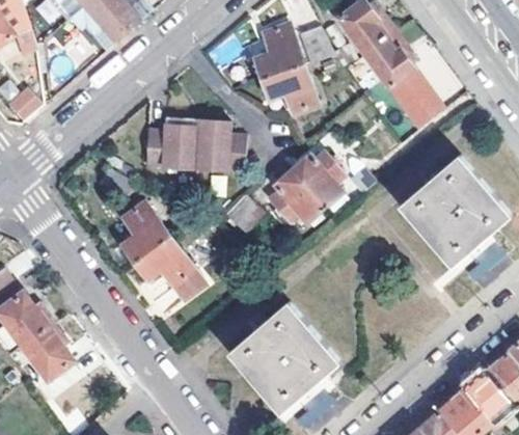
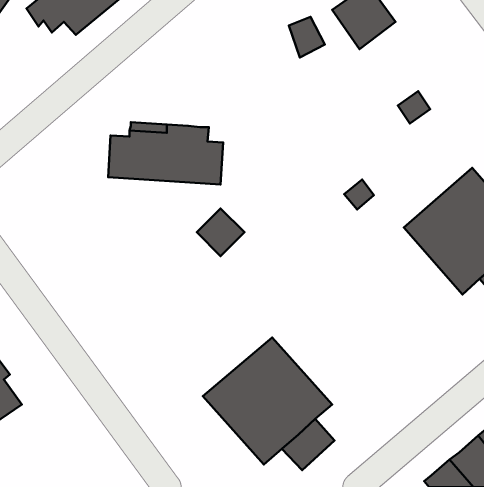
building: [252,26,319,117] -> none
building: [362,30,415,90] -> none
building: [267,151,345,222] -> none
building: [119,203,203,300] -> none

